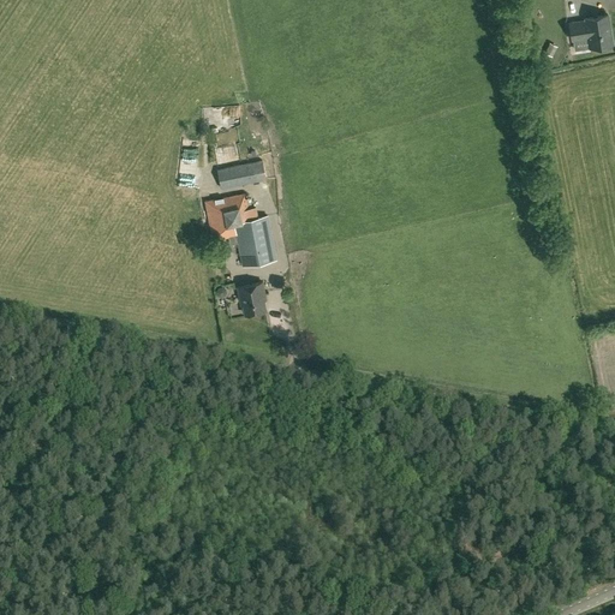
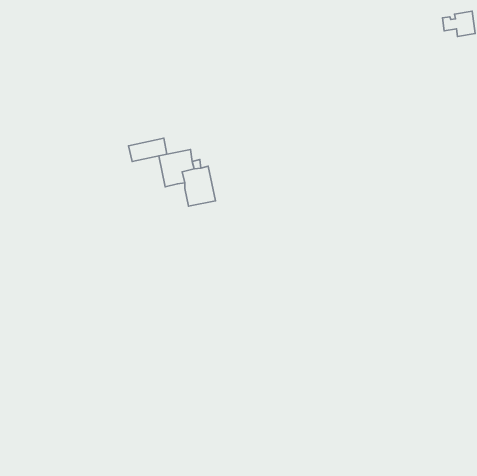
building: [216,160,265,190] -> [128,138,167,162]
building: [237,282,265,317] -> none

